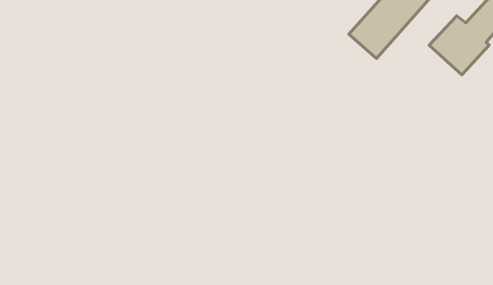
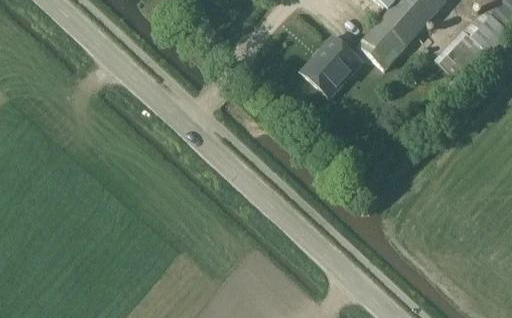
building: none -> [302,33,364,95]

